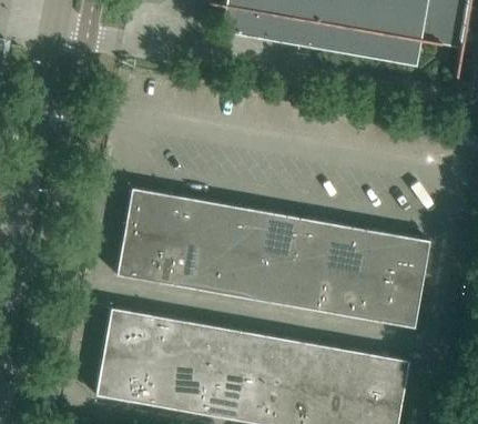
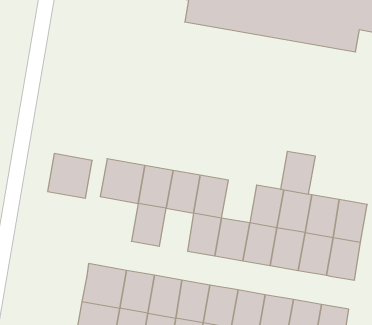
building: [263,213,303,262] -> [280,151,315,194]
building: [116,232,167,283] -> [48,154,92,198]
building: [192,245,231,294] -> none

